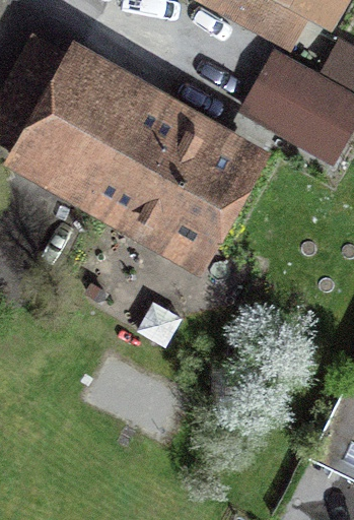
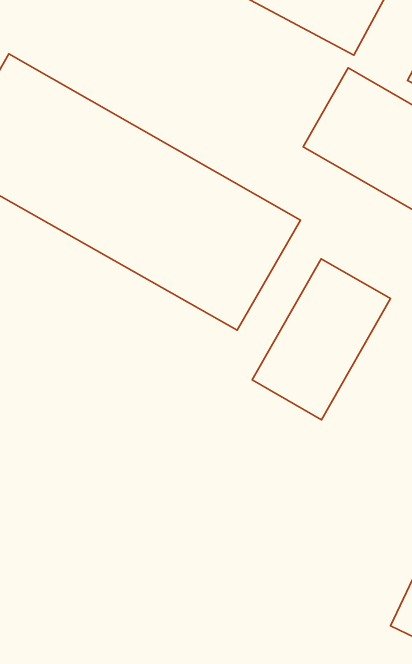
building: none -> [252,259,391,420]

